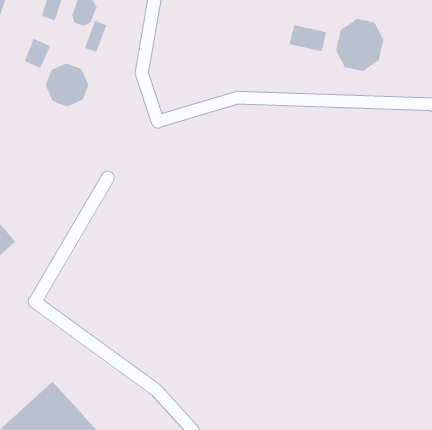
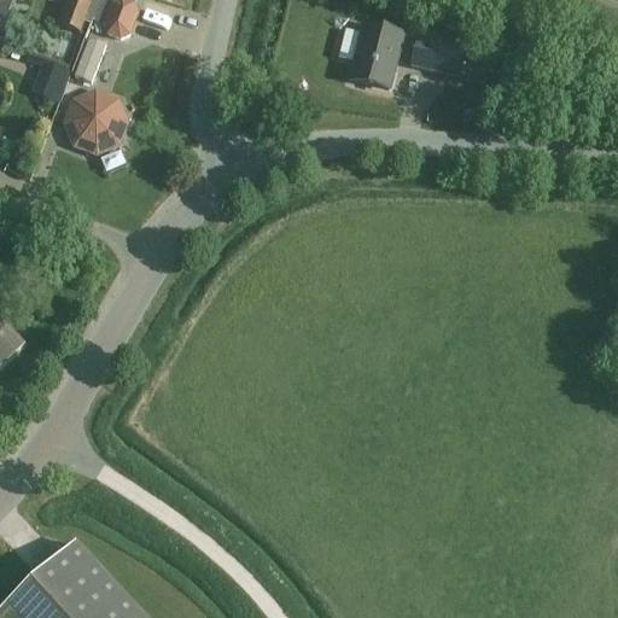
building: none -> [350,23,400,86]
building: [336,18,384,72] -> none
building: [84,20,107,52] -> [72,35,105,81]

